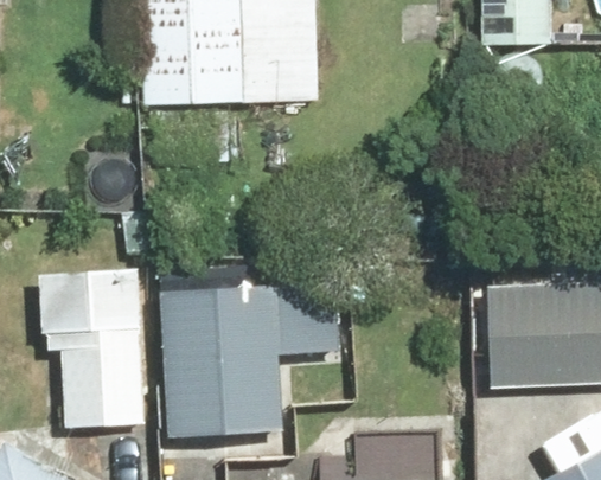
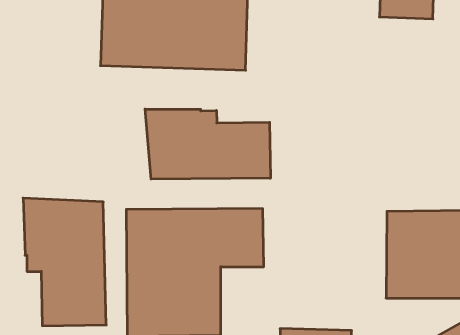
building: none -> [145,109,270,179]

